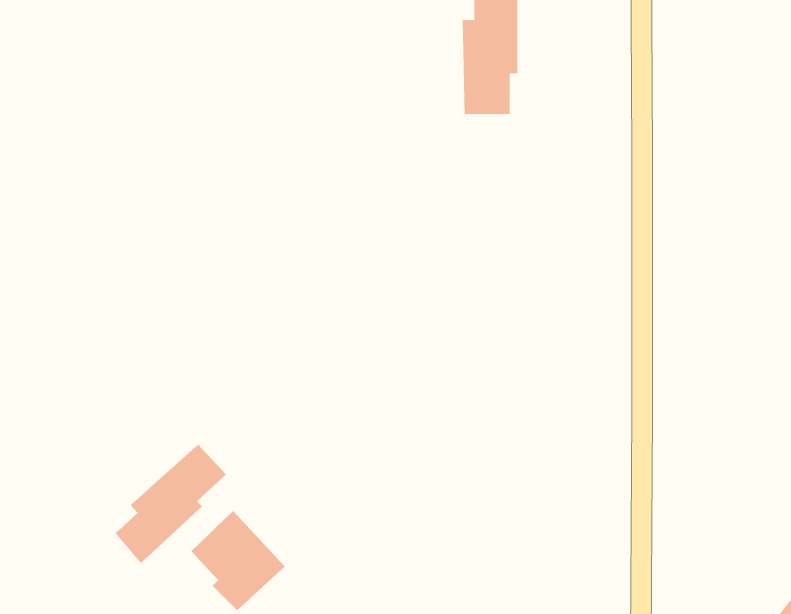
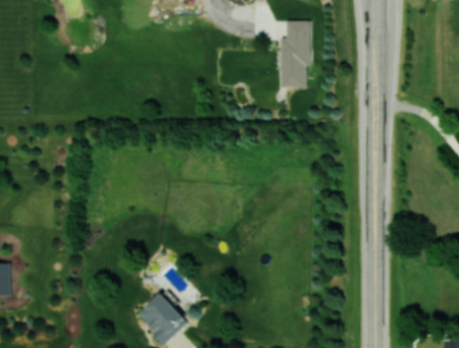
building: [115,444,227,564] -> none

